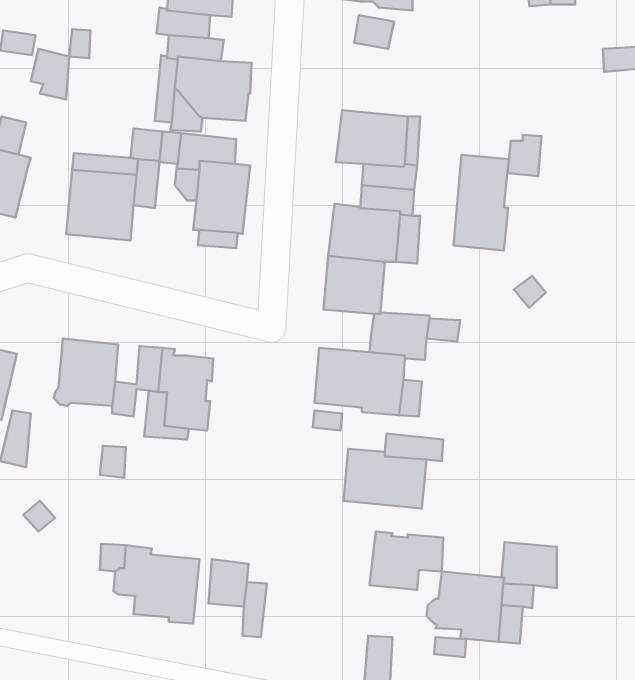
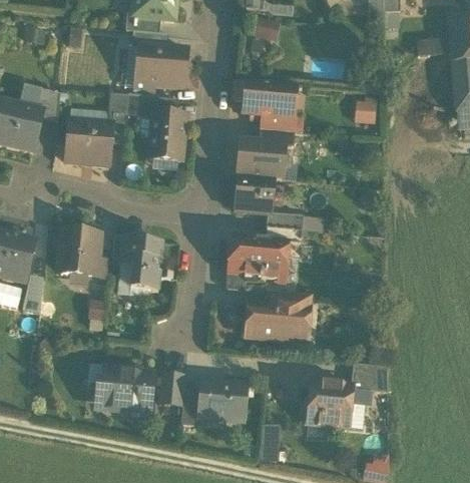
building: [31,49,69,99] -> [35,88,60,121]
building: [453,155,509,251] -> none
building: [370,532,443,590] -> [198,382,247,420]

